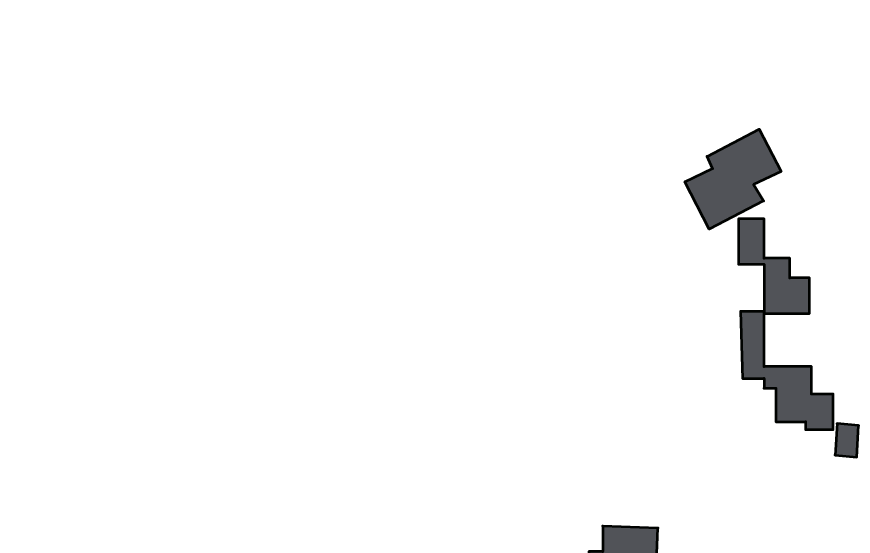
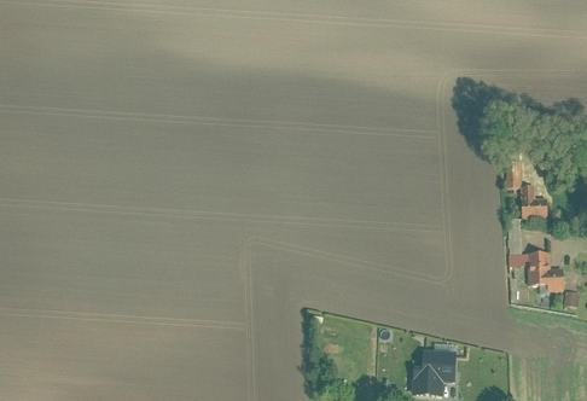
building: [685,129,781,229] -> none

